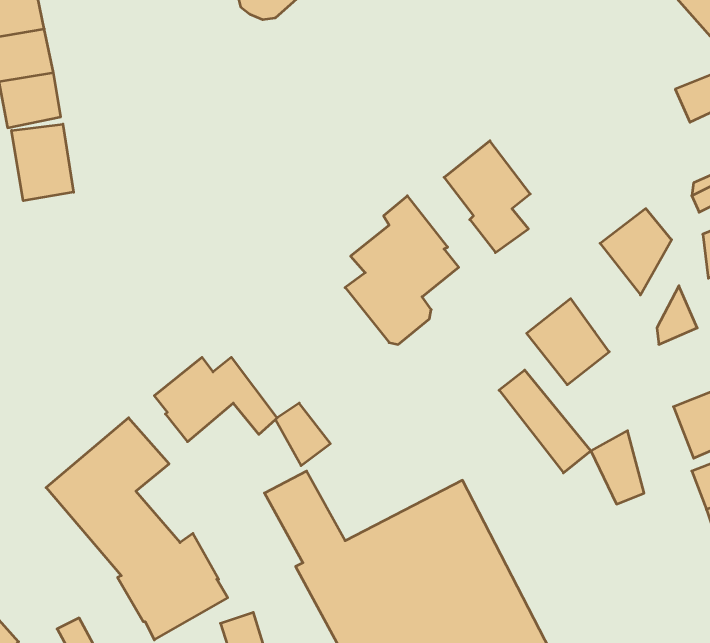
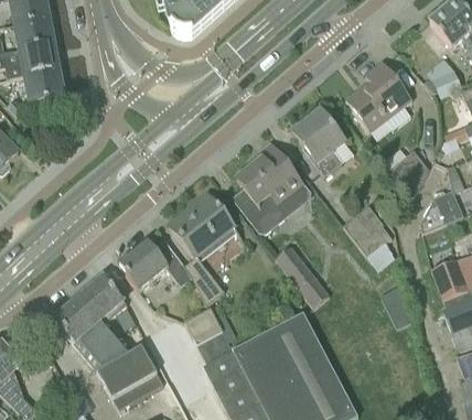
building: none -> [350,61,412,131]
building: [12,124,74,201] -> none
building: none -> [169,193,235,257]
building: [499,370,591,473] -> [276,246,331,308]

